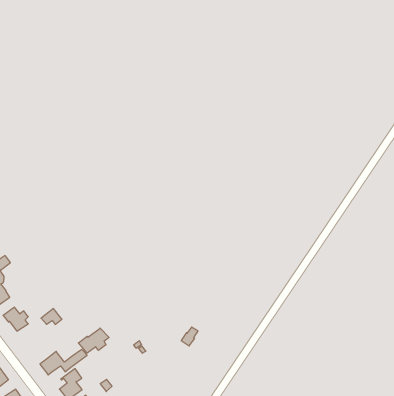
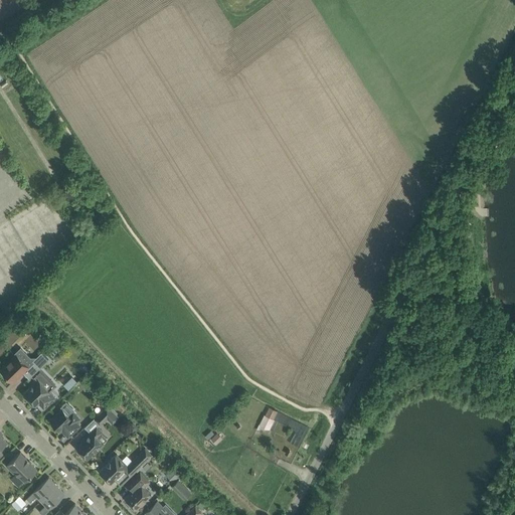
building: none -> [77,427,105,458]
building: [78,328,109,353] -> none

